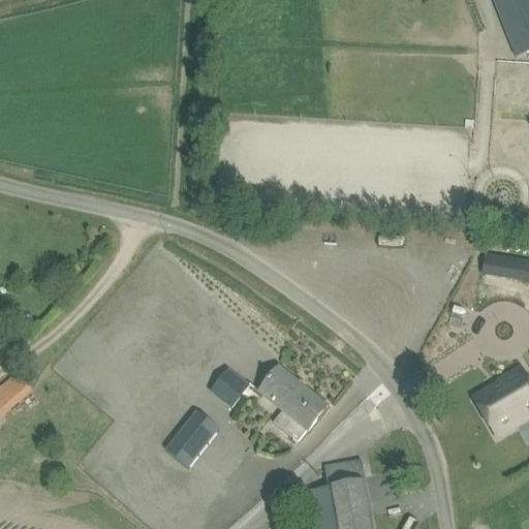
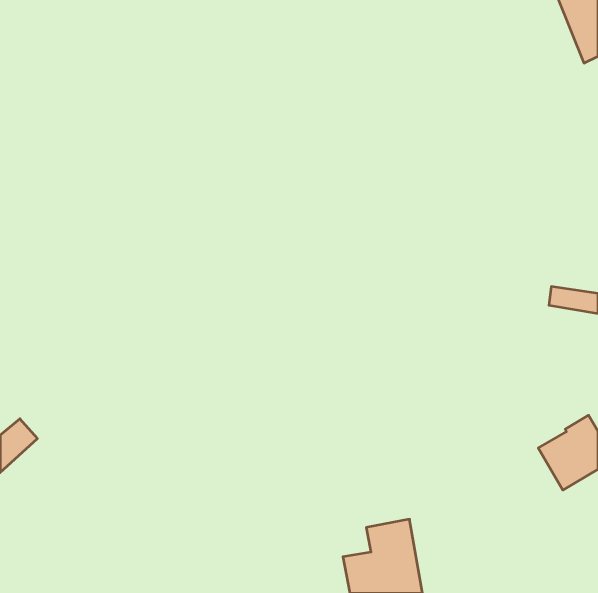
building: [259,366,328,440] -> none
building: [212,369,250,408] -> none
building: [166,409,219,467] -> none

